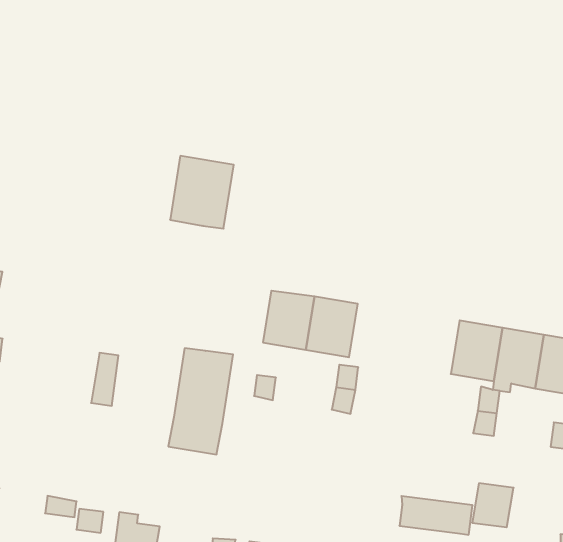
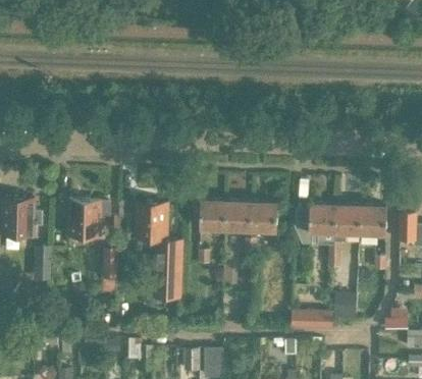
building: [170,156,234,229] -> [135,203,167,241]
building: none -> [66,200,110,238]
building: none -> [250,203,277,235]

